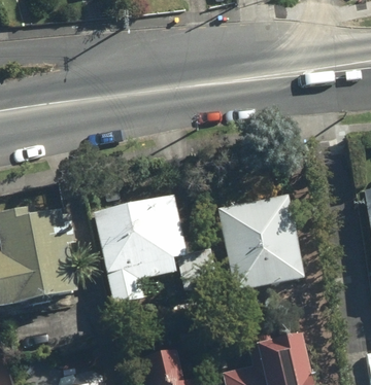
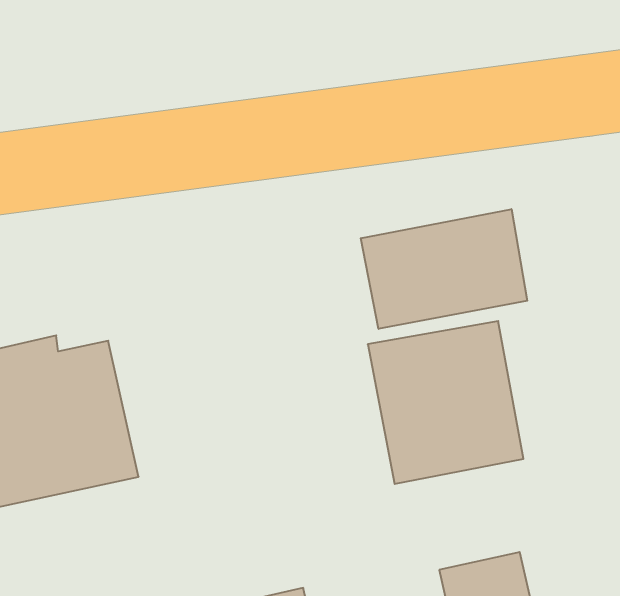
building: none -> [361,209,527,329]
building: [95,201,212,305] -> none

